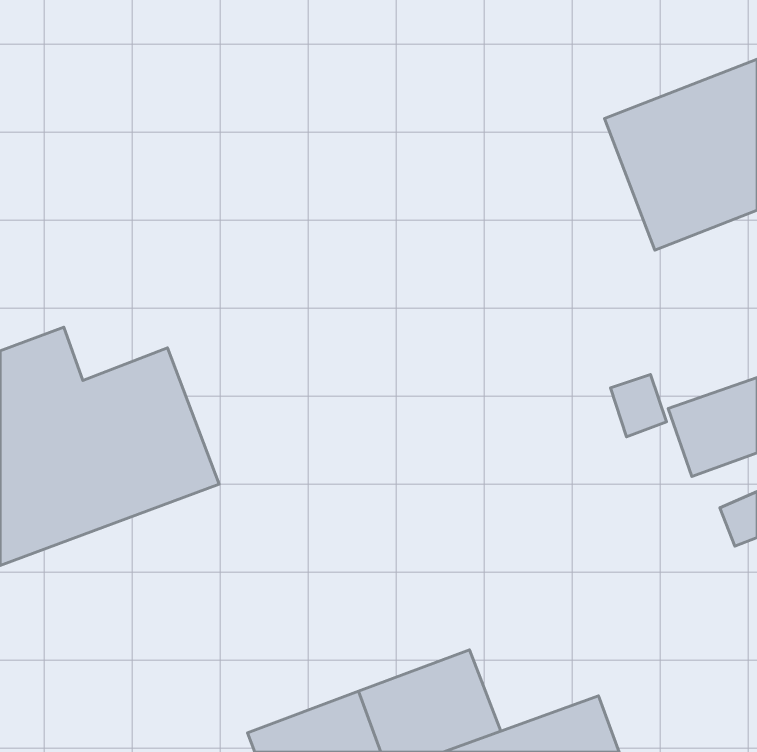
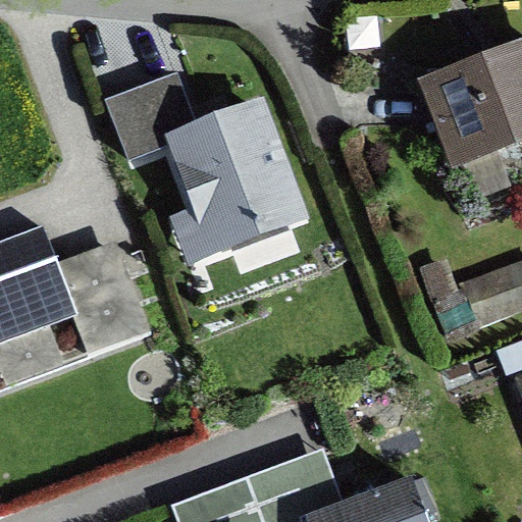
building: none -> [104,71,310,266]

